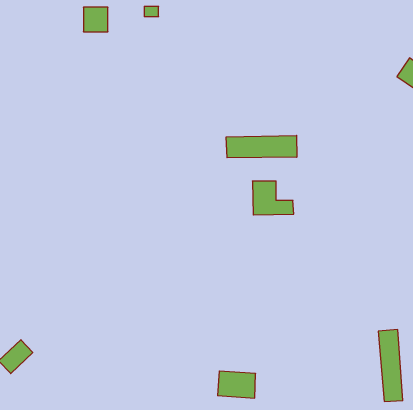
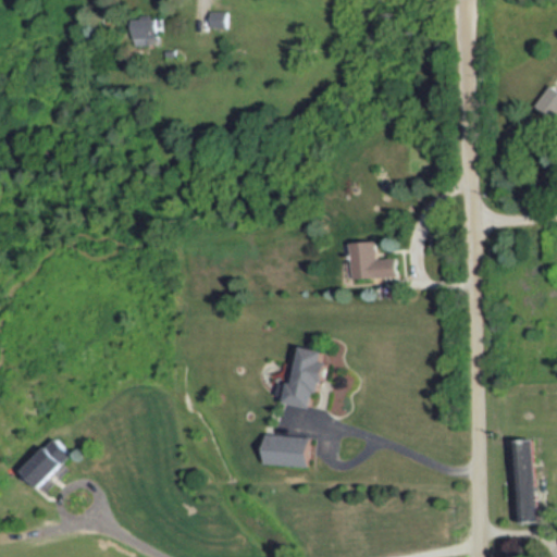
building: [226,135,297,158] -> none
building: none -> [281,343,326,409]
building: [218,371,256,398] -> [263,433,312,468]

